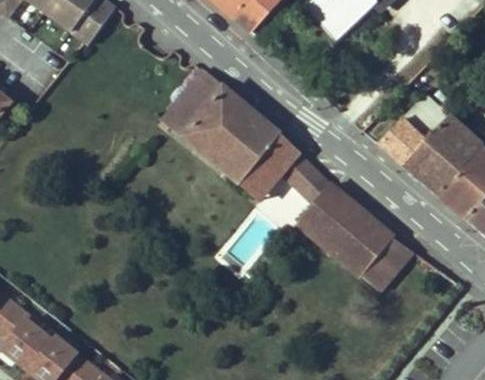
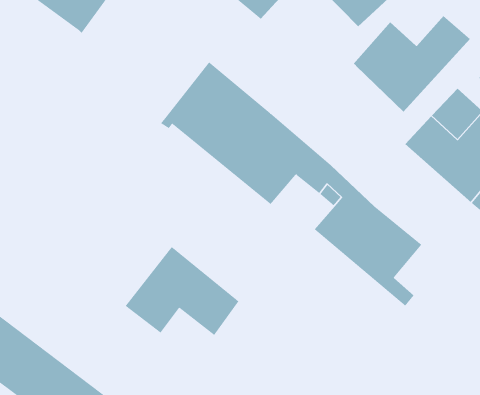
building: none -> [353,15,471,113]
building: [371,235,416,281] -> none
building: none -> [125,246,239,336]

